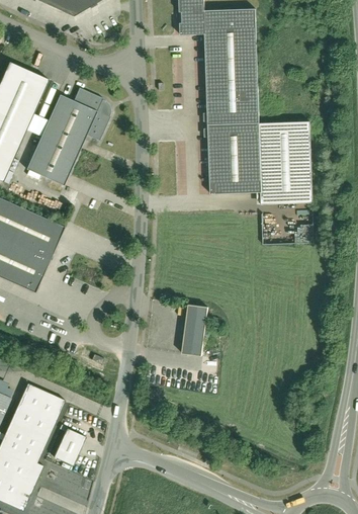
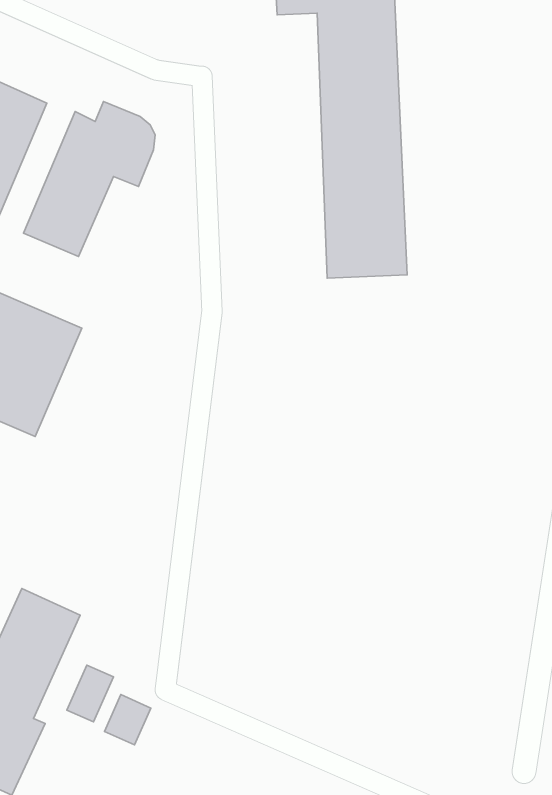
building: [259,123,312,205] -> none
building: [182,307,207,355] -> none
building: none -> [104,695,151,745]

